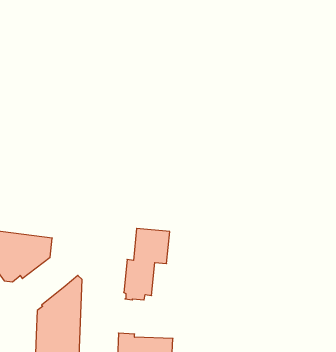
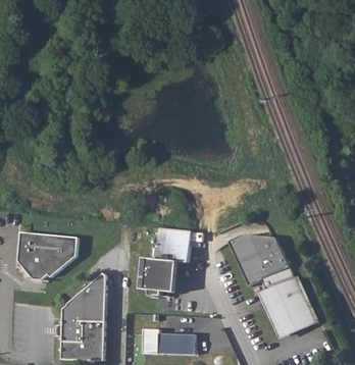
building: none -> [230,233,316,334]

